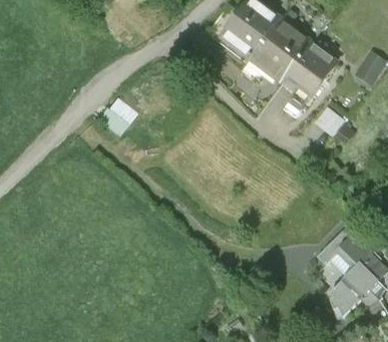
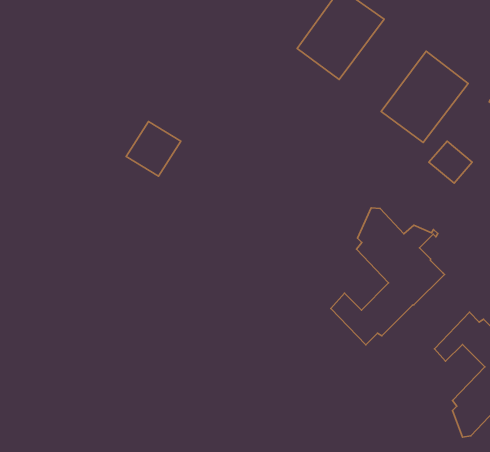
building: [250,20,312,86] -> none
building: none -> [331,208,444,345]

